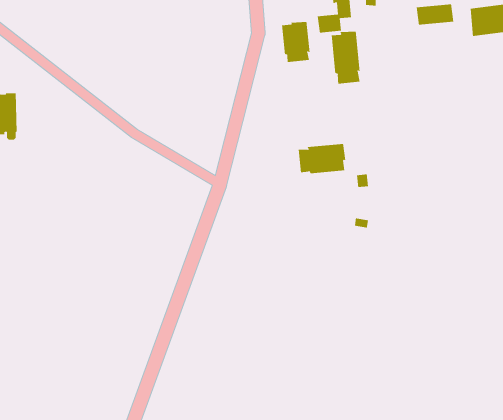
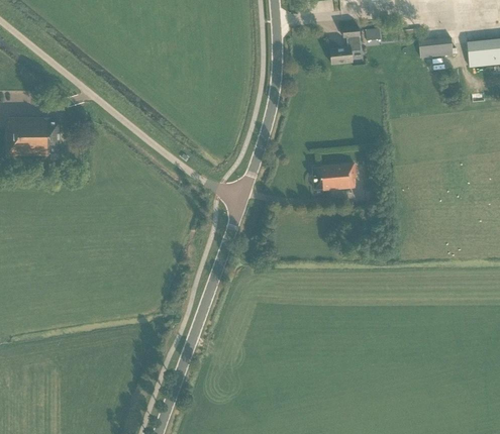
building: [282,21,310,63] -> none
building: [331,31,360,84] -> none

